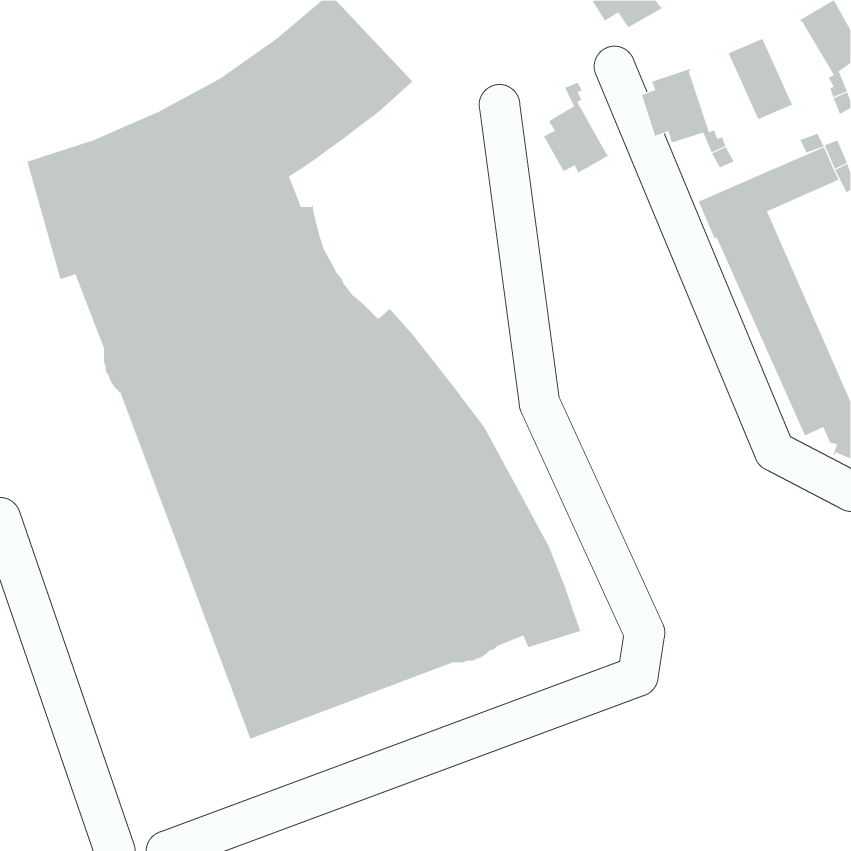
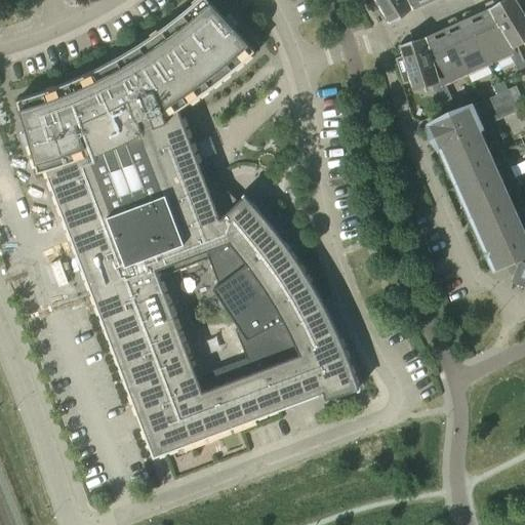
building: none -> [470,13,513,65]
building: none -> [425,33,467,85]
building: [543,82,610,174] -> none

